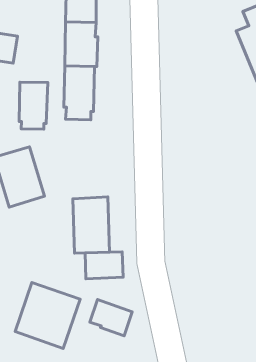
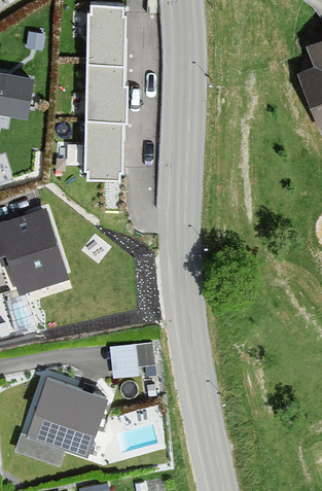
building: [19,82,48,129] -> none
building: [73,197,110,253] -> none
building: [90,300,132,336] -> none

